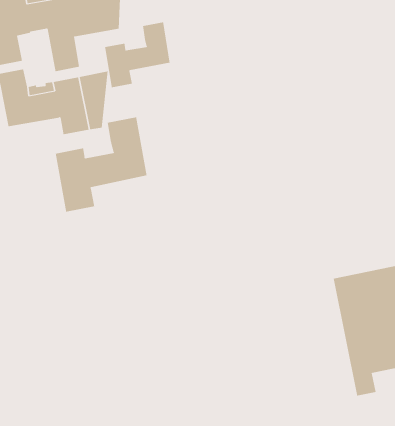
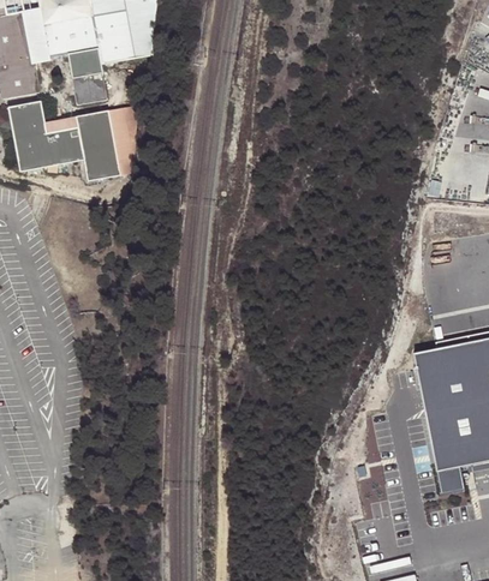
building: [105,21,170,88] -> none
building: [55,116,147,213] -> none

